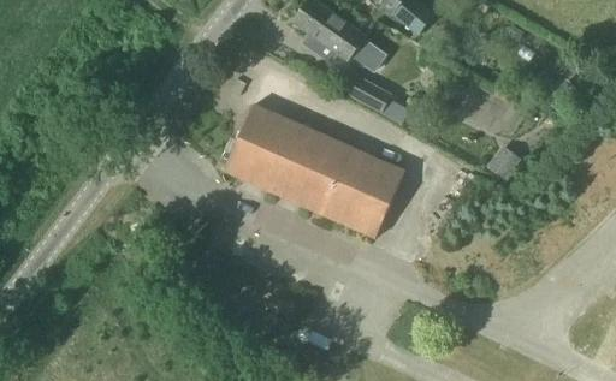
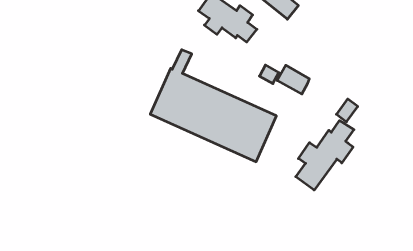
building: [345,75,391,115] -> [277,65,309,94]
building: none -> [296,121,354,190]

